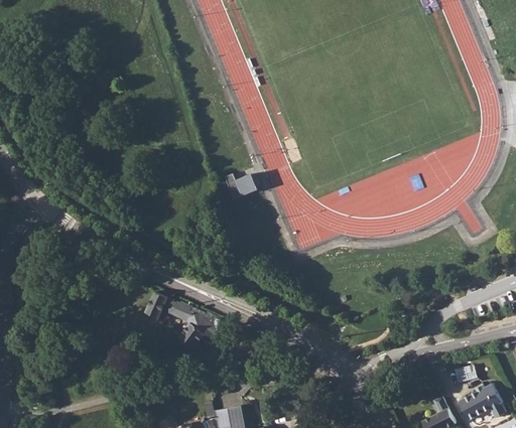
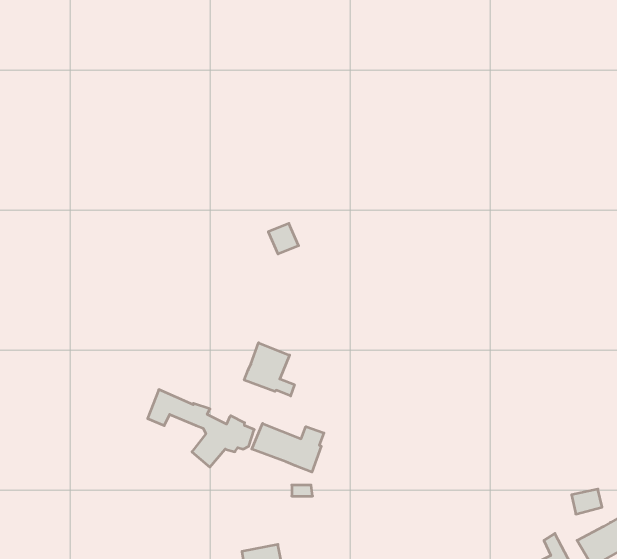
building: none -> [244,343,294,396]
building: none -> [252,423,324,472]

